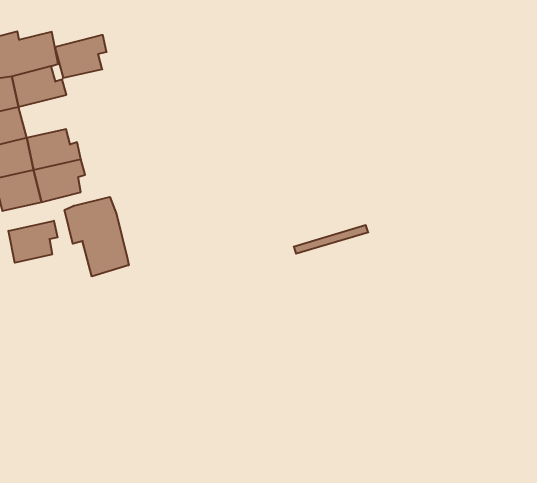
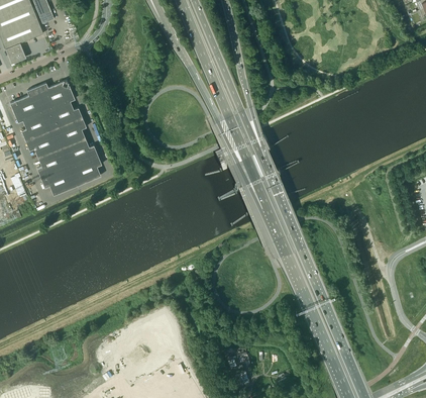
building: [55,35,107,78] -> [54,117,86,147]
building: [65,197,129,276] -> none
building: [8,221,58,263] -> none

